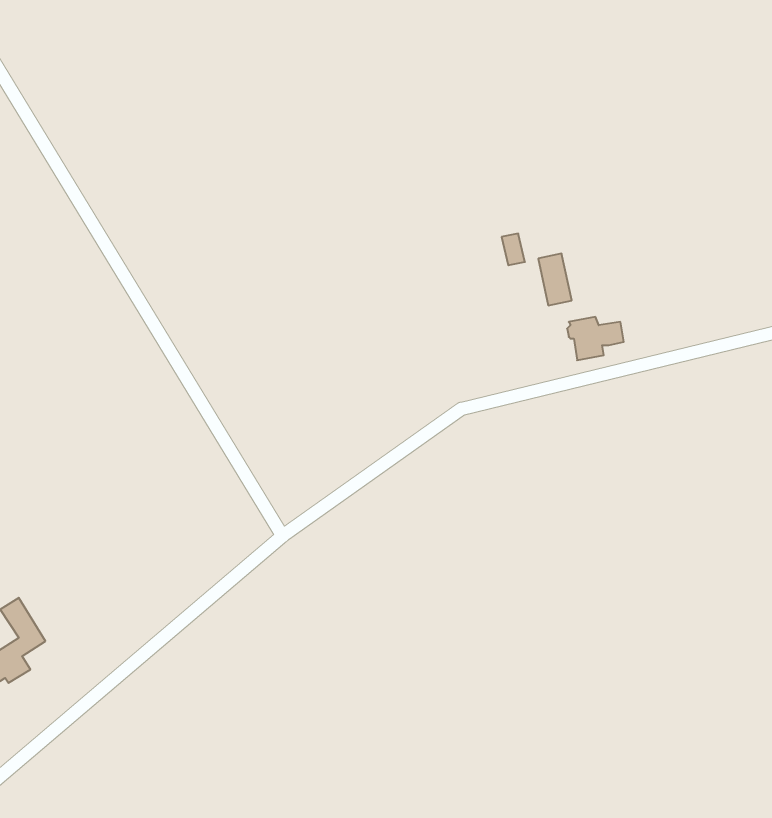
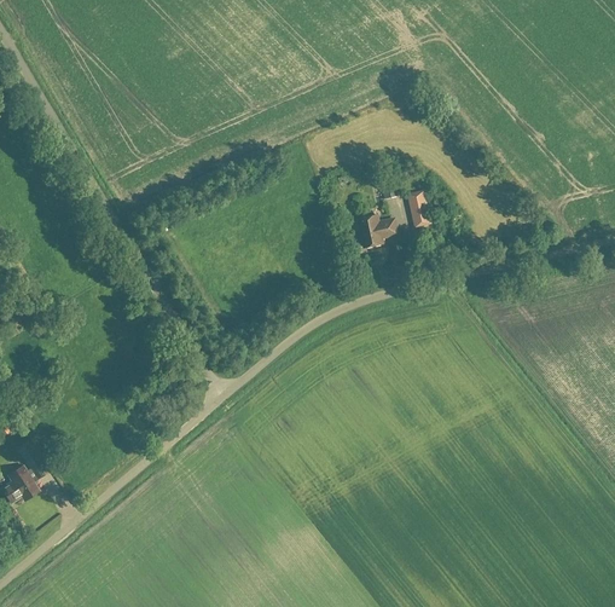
building: [567,317,624,360] -> [356,214,398,245]

